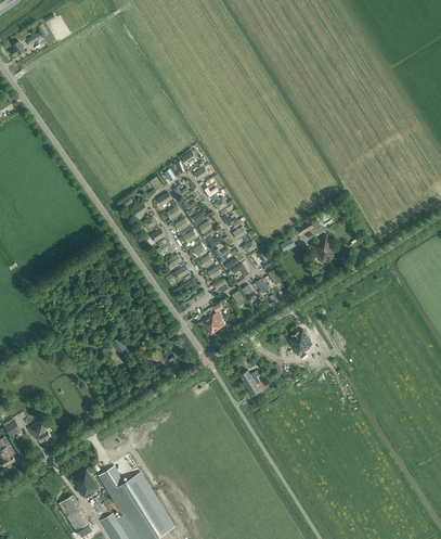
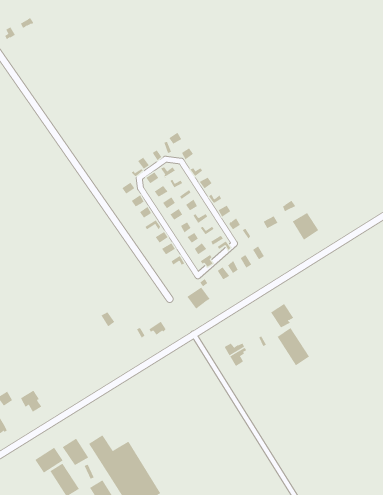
building: none -> [277,327,310,366]
building: none -> [34,447,63,473]

